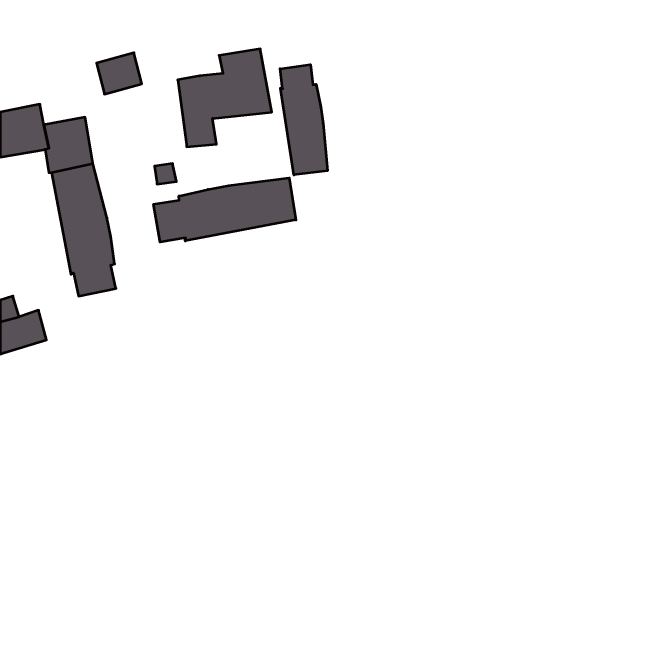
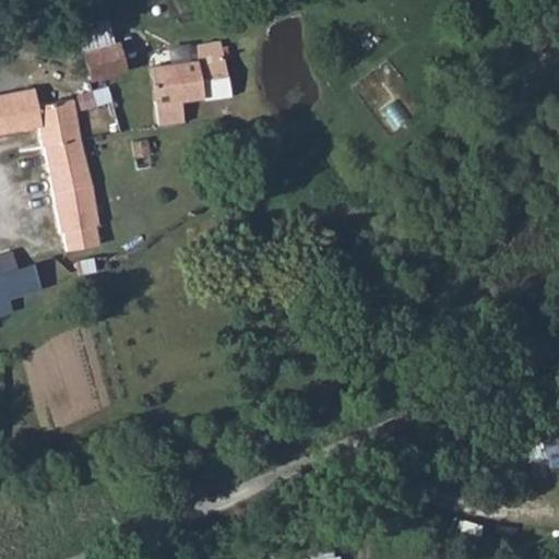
building: [280,65,327,175] -> none
building: [154,178,296,242] -> none

